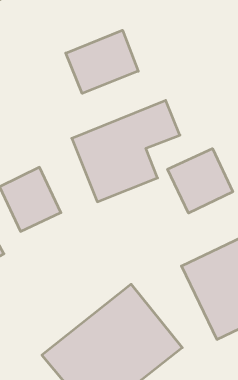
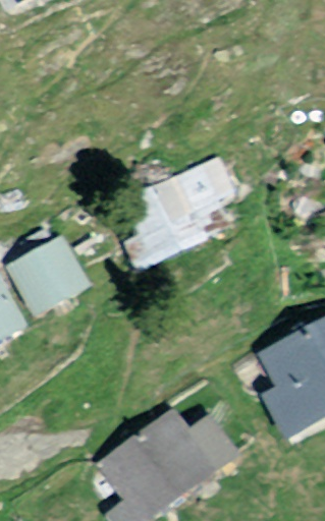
building: [66,30,138,93] -> none
building: [168,149,233,213] -> none

